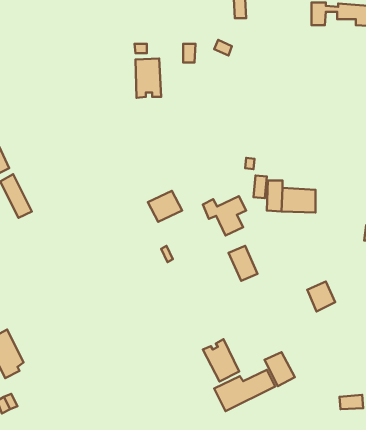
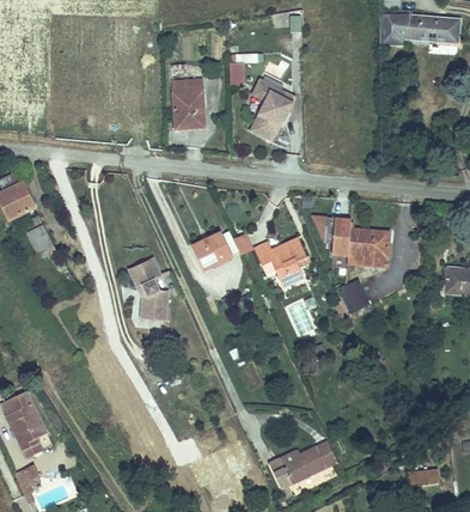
building: none -> [251,79,291,139]
building: none -> [123,256,163,316]
building: [307,281,335,311] -> [336,279,368,313]
building: [203,339,239,381] -> none
building: [265,352,295,386] -> none

